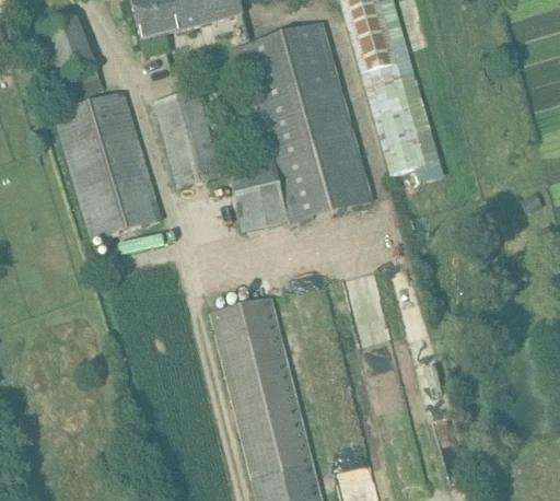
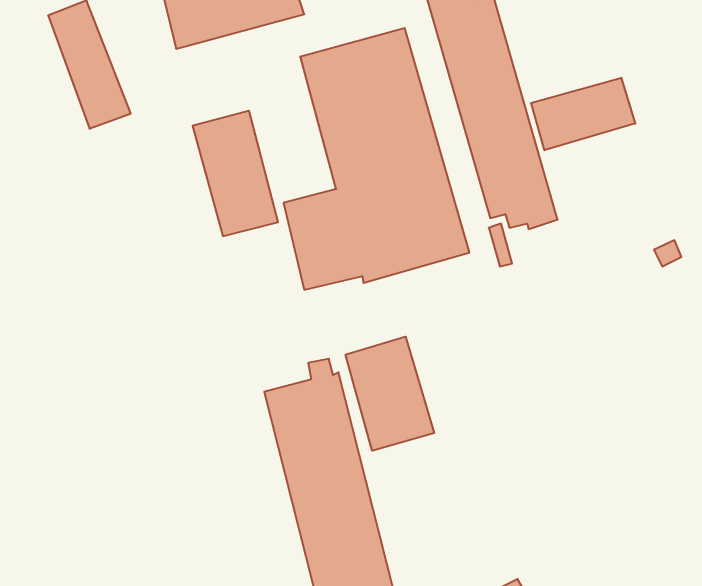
building: none -> [531,78,635,150]
building: [56,93,162,241] -> none
building: none -> [346,337,434,451]

